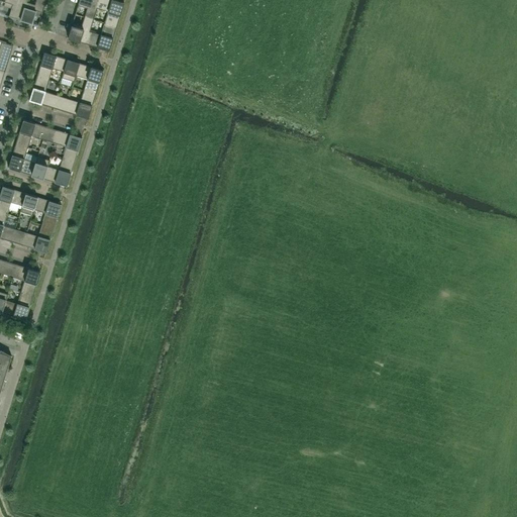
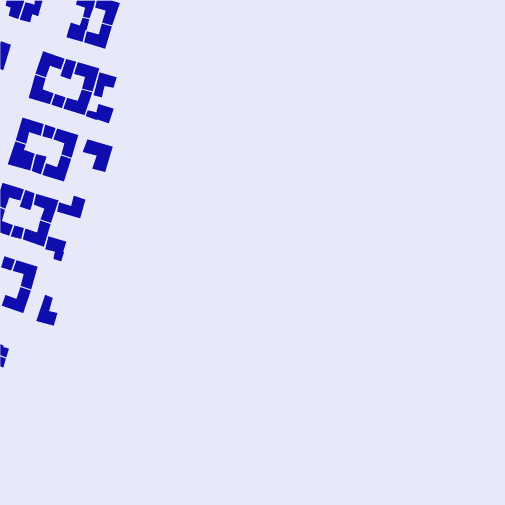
building: none -> [93,71,118,98]
building: none -> [85,103,115,124]
building: none -> [82,139,114,173]
building: none -> [56,195,86,219]
building: none -> [44,235,67,262]
building: none -> [36,294,58,326]

